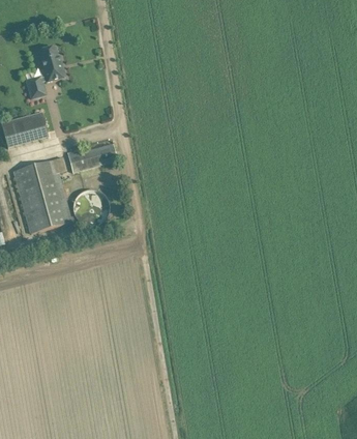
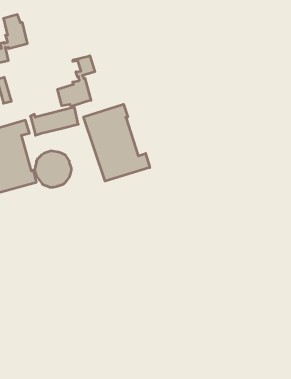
building: none -> [58,56,95,107]
building: none -> [84,104,150,181]

